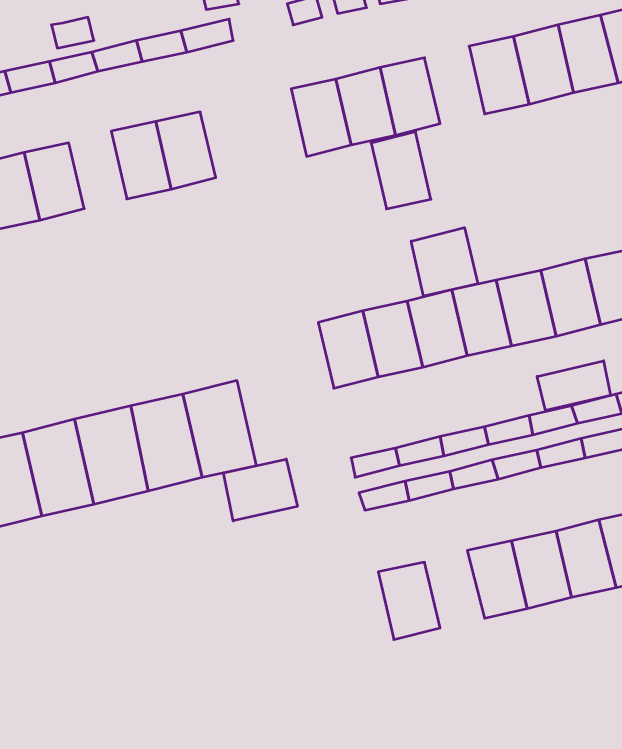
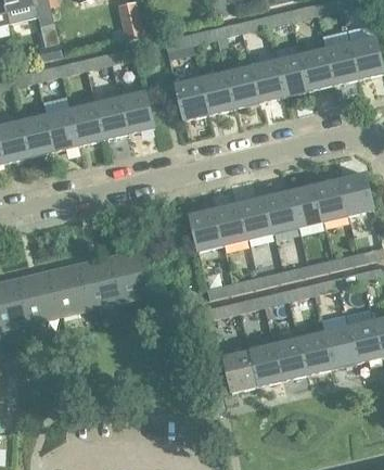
building: none -> [123,90,152,132]
building: none -> [49,106,81,150]
building: [371,132,431,209] -> [248,59,282,102]
building: [411,228,478,296] -> none
building: [537,361,610,410] -> none
building: [224,459,297,521] -> none
building: none -> [248,342,282,385]

